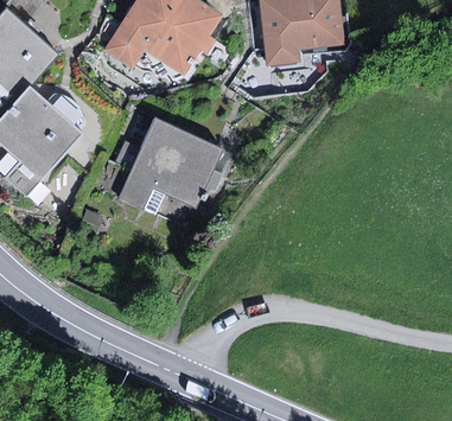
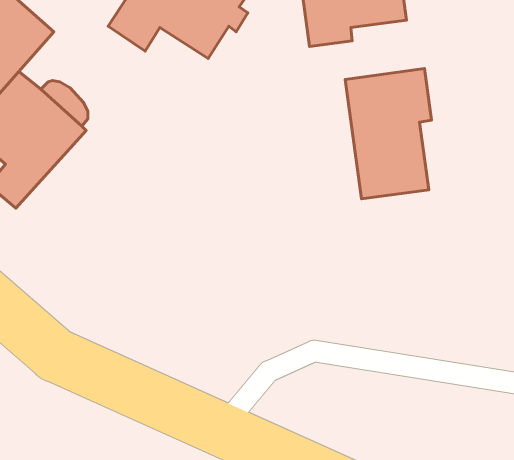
building: none -> [345,69,432,199]
building: [120,120,222,213] -> none

